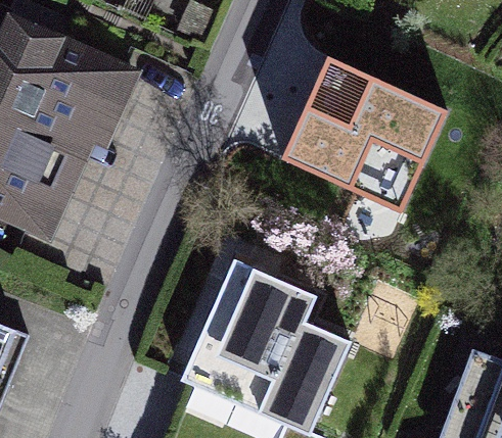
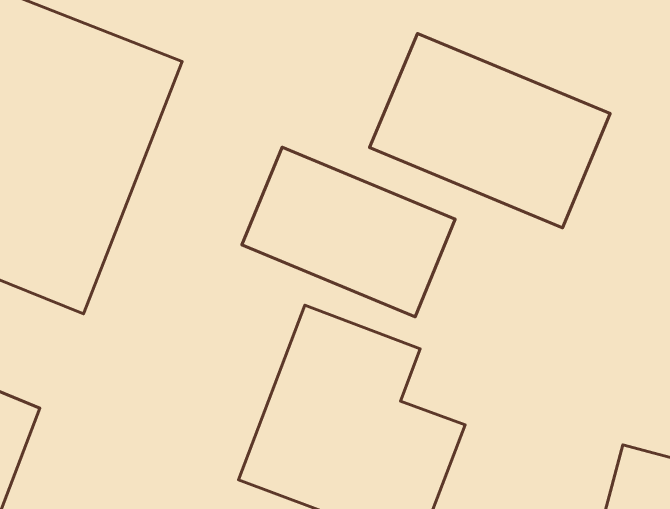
building: none -> [242,147,455,317]

